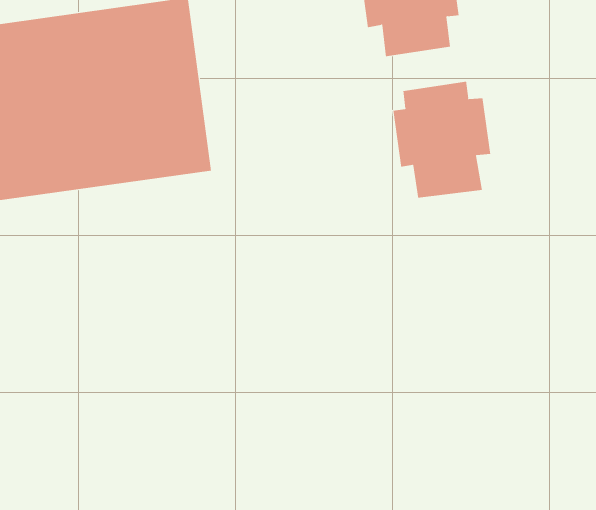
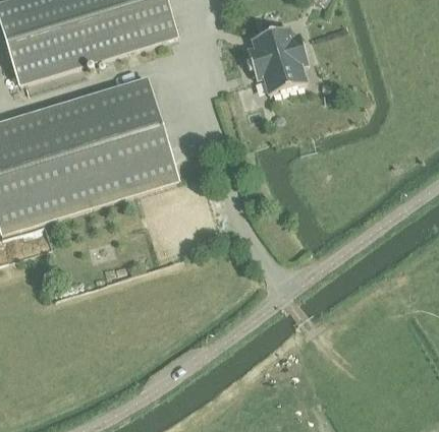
building: [393,81,491,199] -> none

